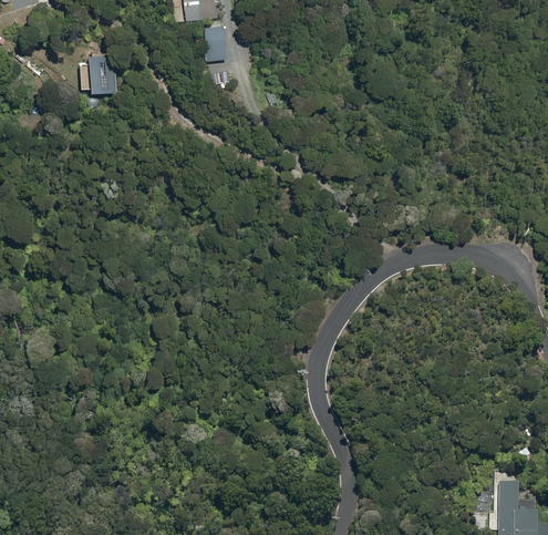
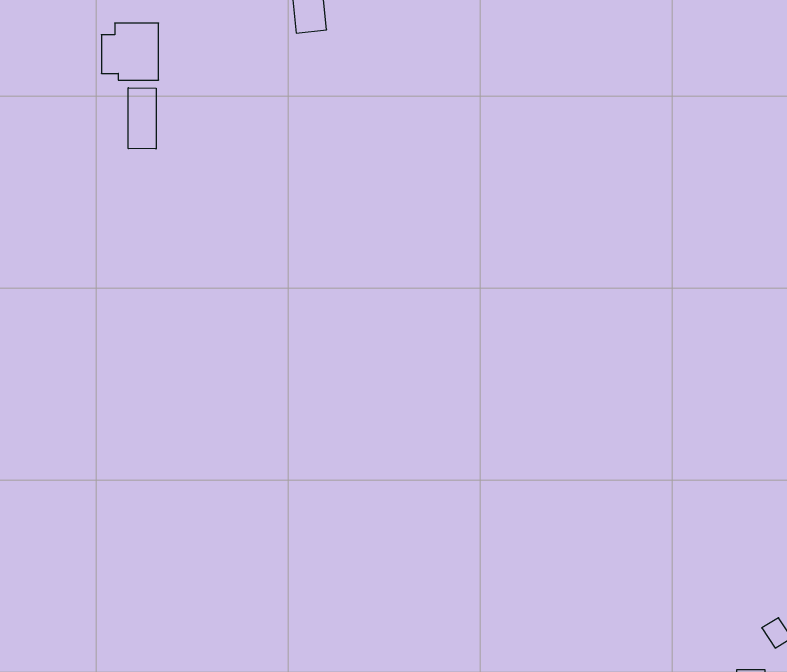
building: none -> [128,88,156,149]

